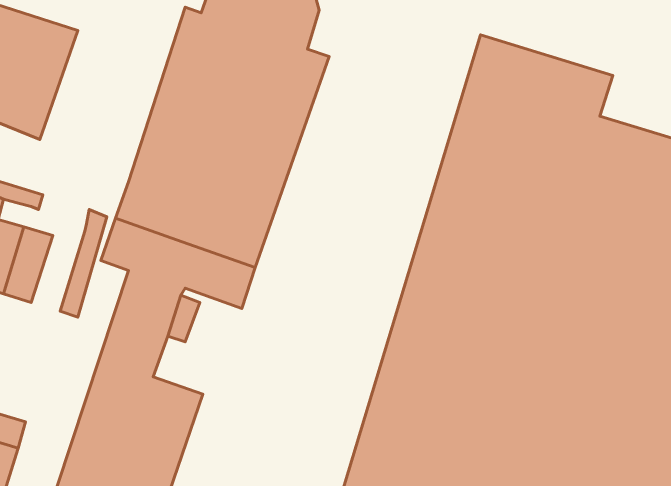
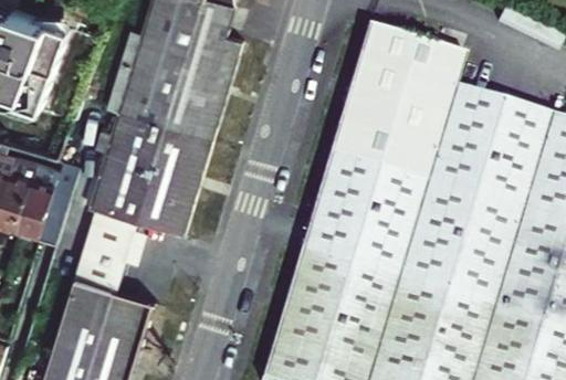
building: none -> [24,172,66,241]

